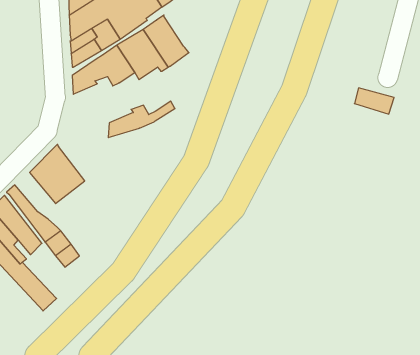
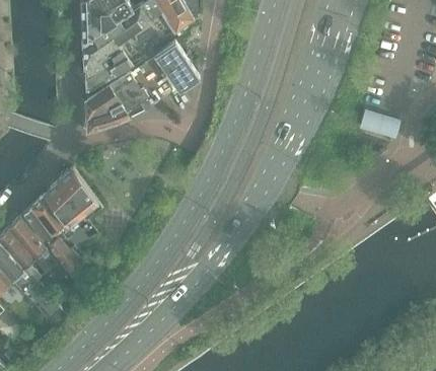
building: [108,101,175,138] -> [87,95,152,131]
building: none -> [31,193,86,246]

